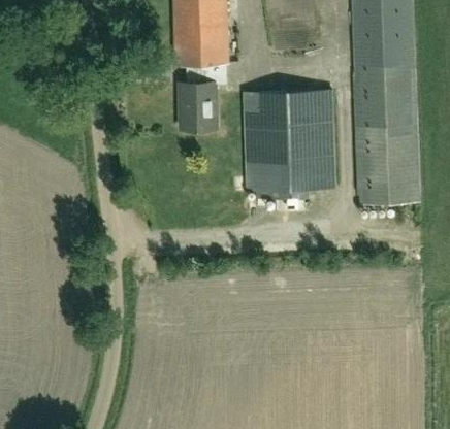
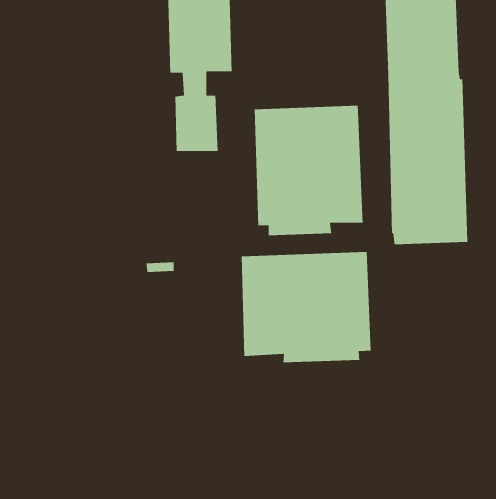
building: none -> [241,251,372,363]

